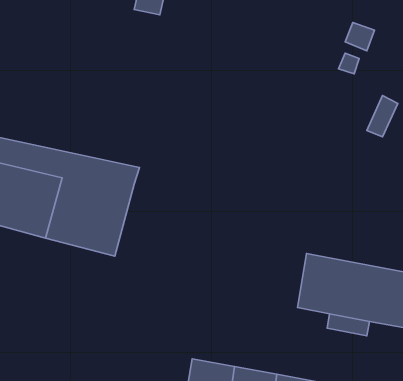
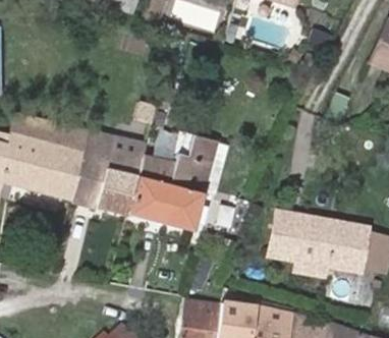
building: none -> [126,132,226,230]

